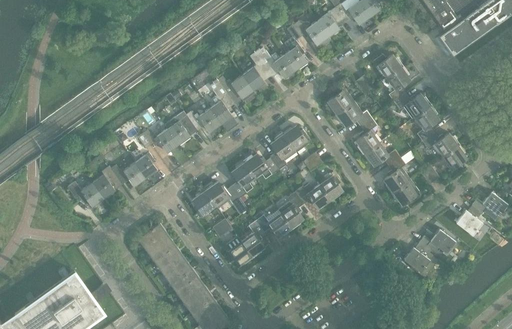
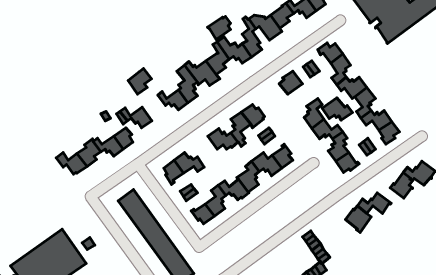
building: none -> [207,17,231,40]
building: [337,102,372,128] -> [322,98,352,120]
building: [168,115,195,145] -> [128,68,151,94]
building: [232,163,255,199] -> none

